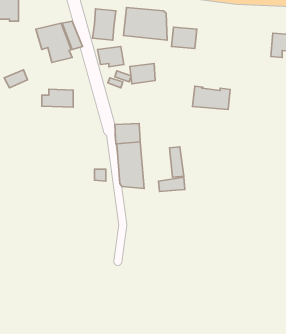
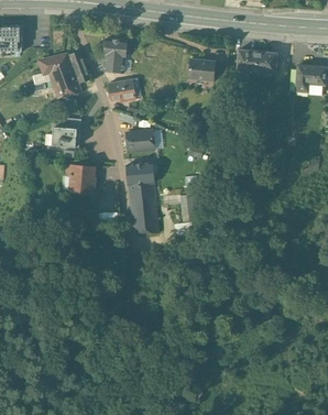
building: [123,8,167,40] -> none
building: [130,63,155,84] -> [127,130,154,152]
building: [193,86,230,110] -> [237,50,277,75]
building: none -> [66,166,97,192]

